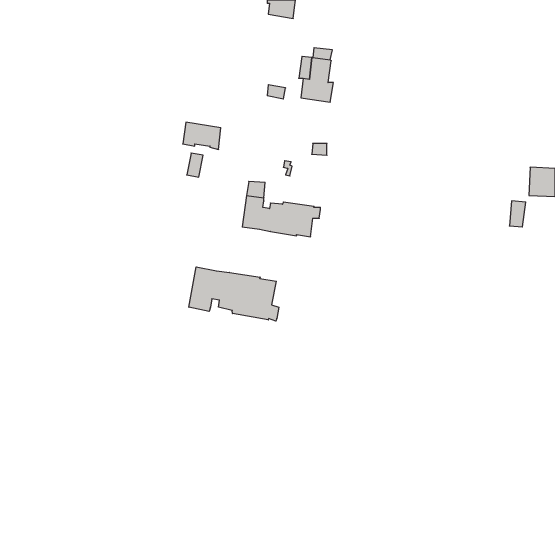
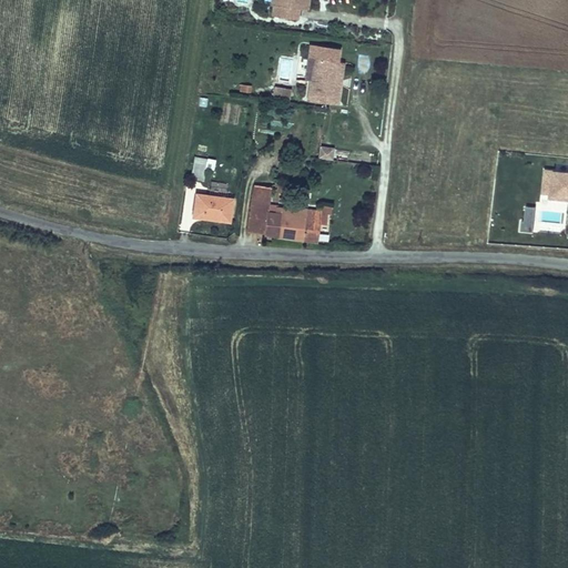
building: [183,122,221,149] -> [193,194,232,222]
building: [189,267,279,321] -> none

